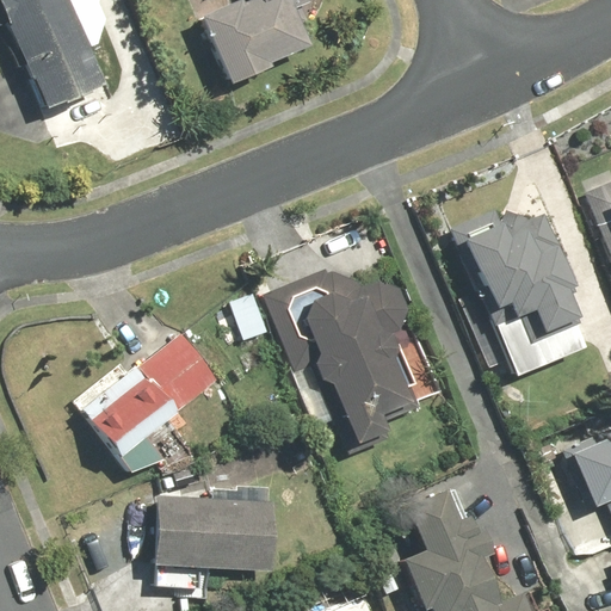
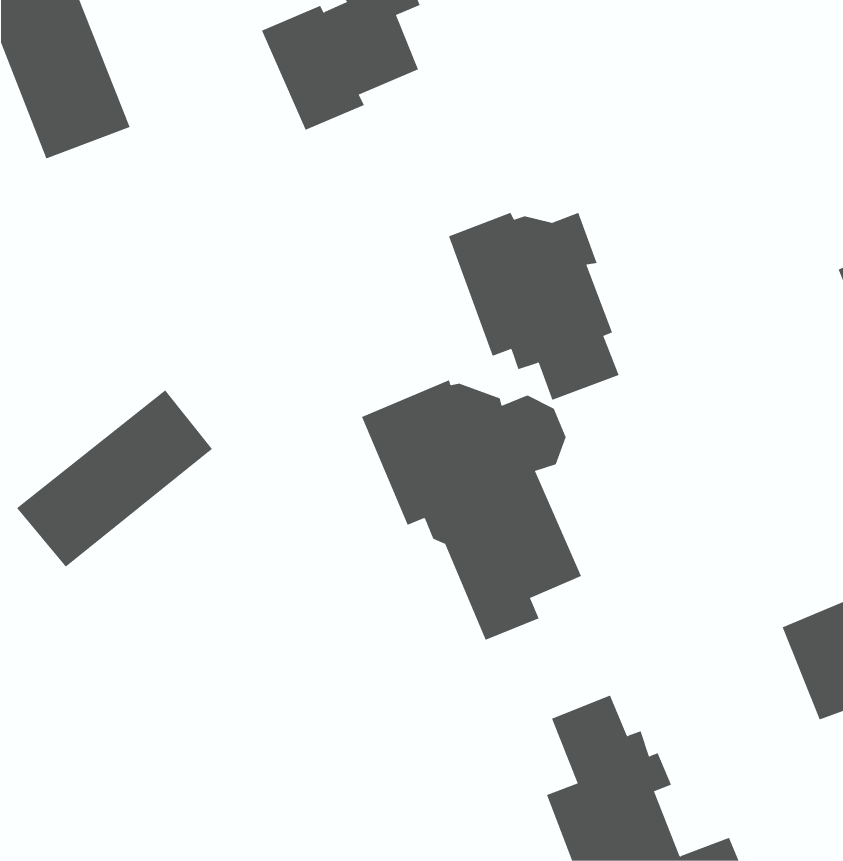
building: [456,209,576,341] -> [448,212,620,400]
building: [84,332,222,457] -> [16,390,213,568]
building: [154,495,278,570] -> none

